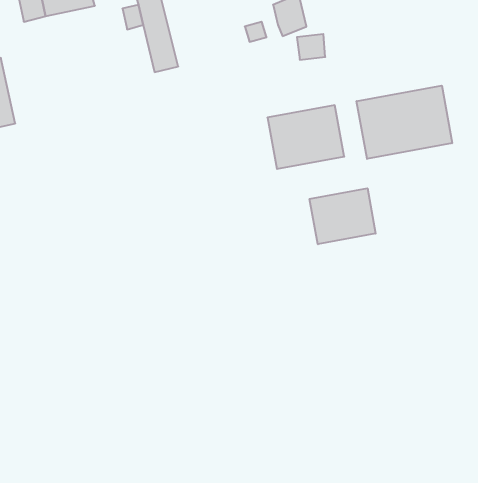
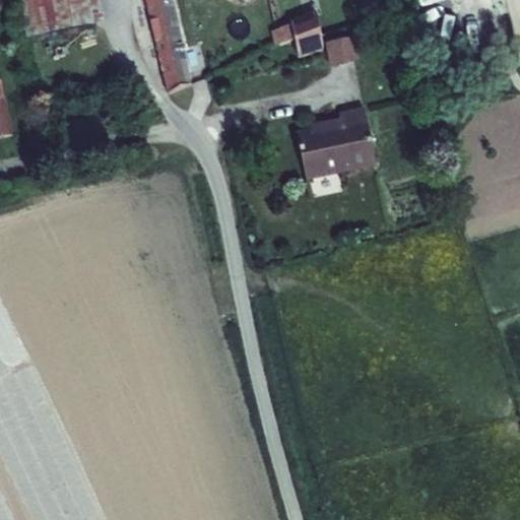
building: [357,86,452,159] -> none
building: [310,188,376,244] -> none

